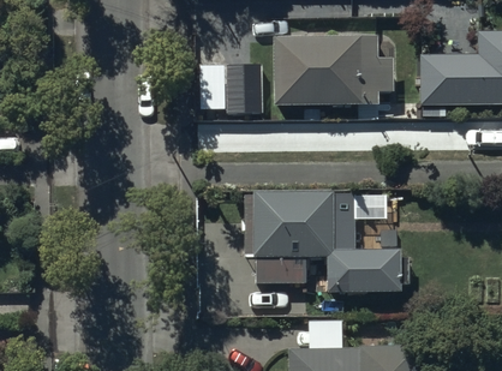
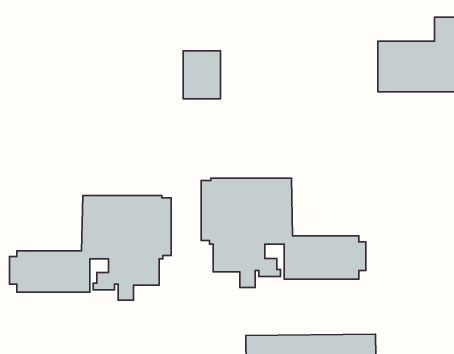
building: [273,35,395,107] -> none
building: none -> [10,196,171,300]

